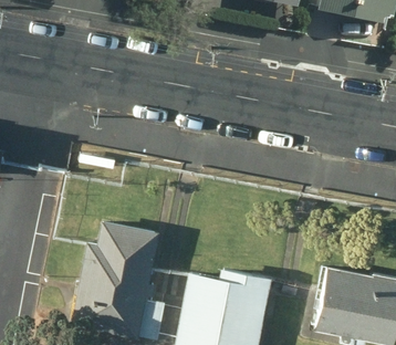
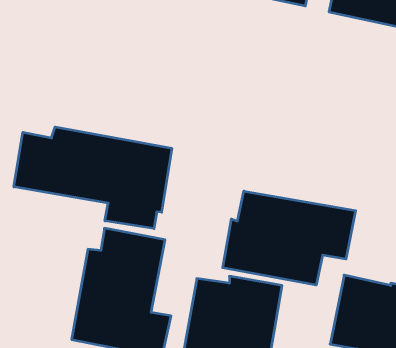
building: none -> [14,127,172,229]
building: none -> [223,191,356,285]

